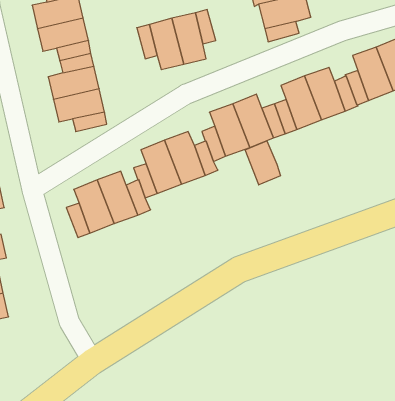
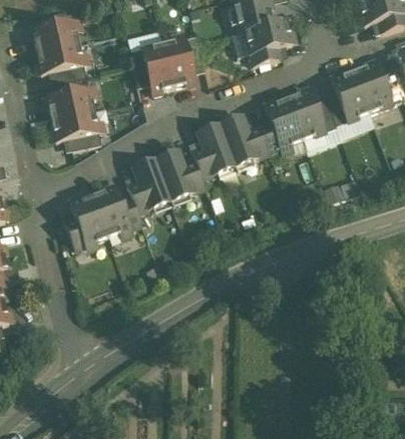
building: [245,141,281,185] -> none

